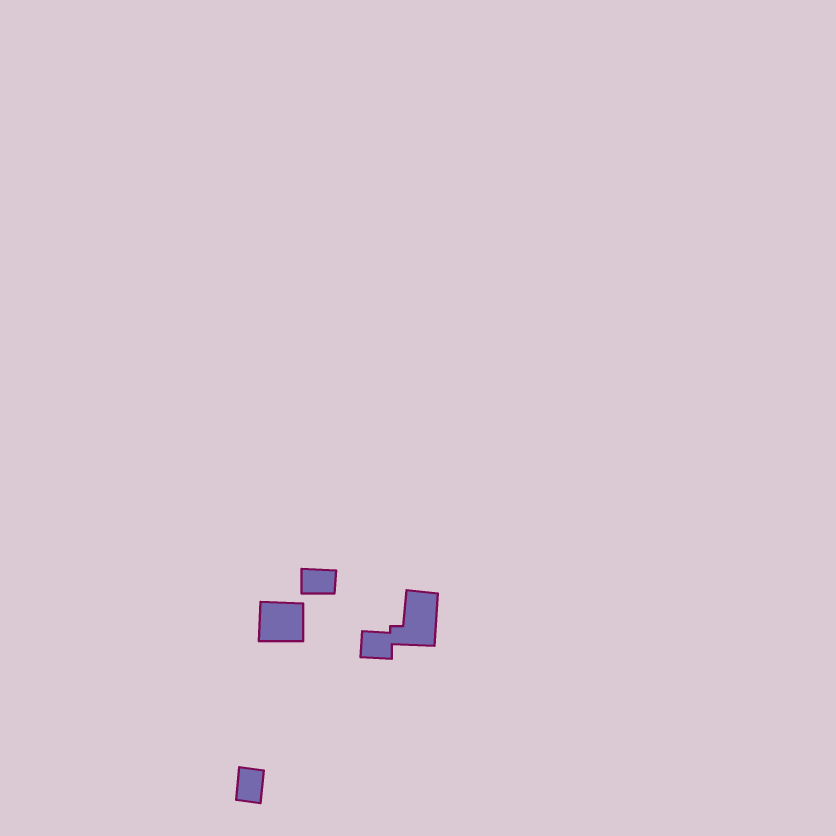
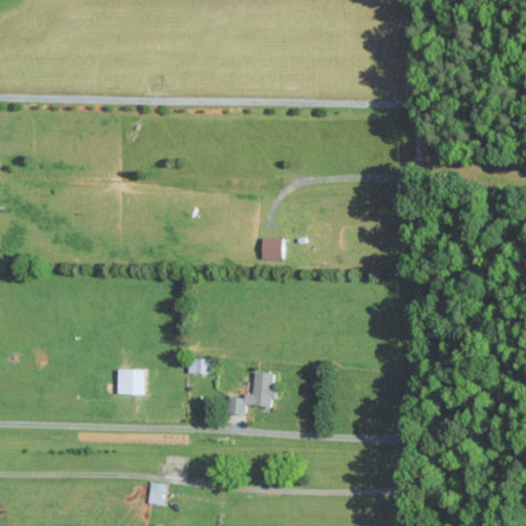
building: none -> [262,237,283,259]
building: [259,602,303,641] -> [117,369,145,393]

